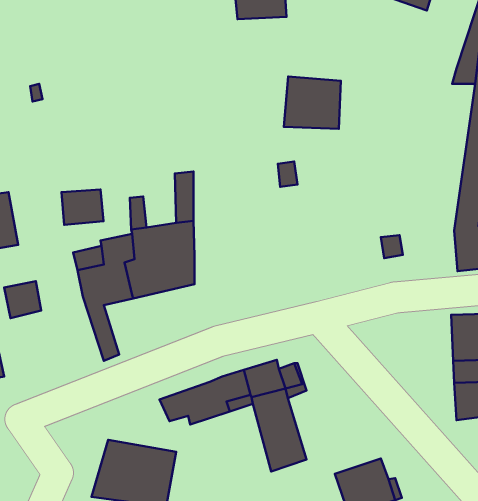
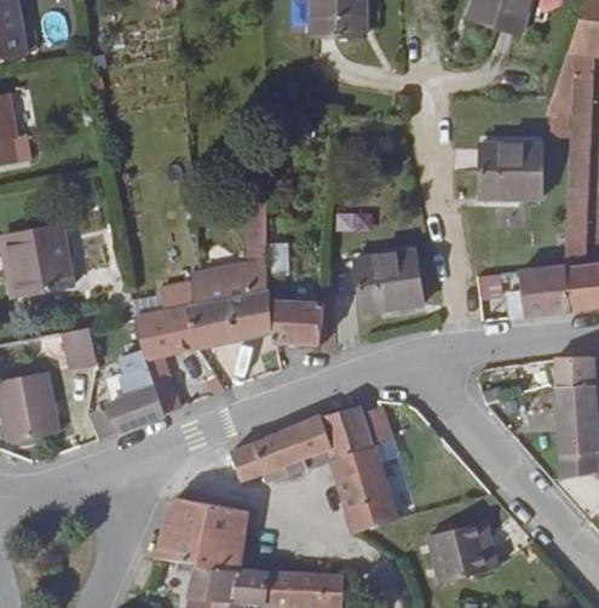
building: [284,76,341,129] -> [480,132,543,190]
building: [61,190,103,225] -> none
building: none -> [352,253,419,316]
building: none -> [501,269,559,320]
building: none -> [271,298,323,348]
building: none -> [105,342,168,432]

